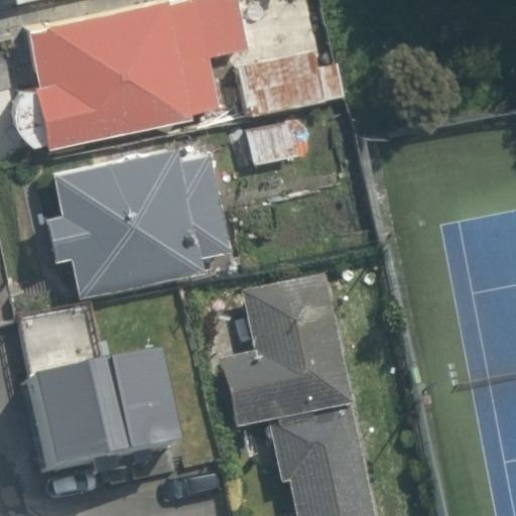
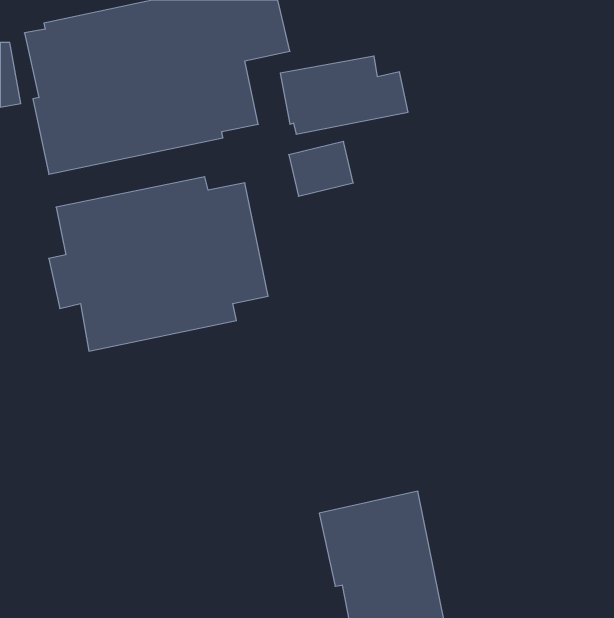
building: [223,281,353,435] -> none
building: [24,308,175,477] -> none

